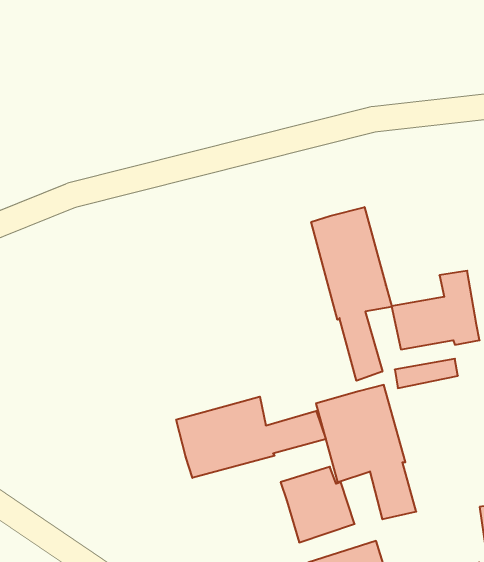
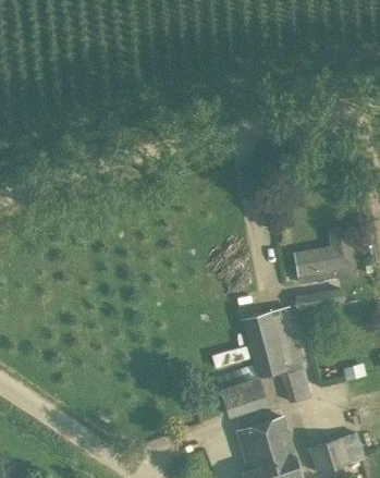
building: [311,207,392,381] -> none
building: [176,397,326,478] -> none

